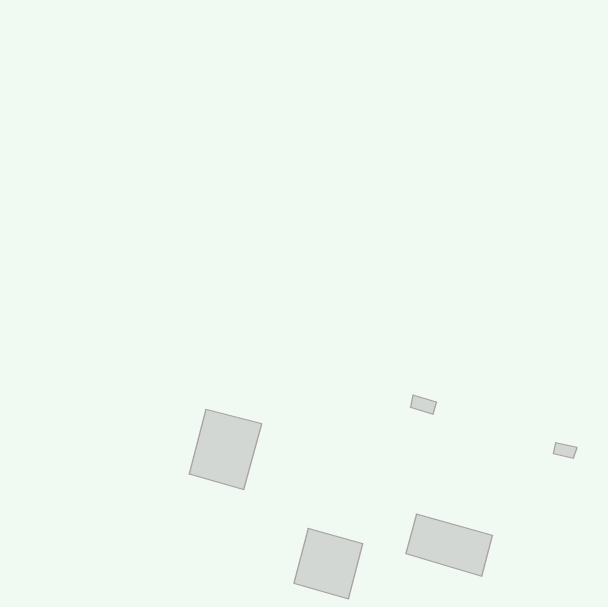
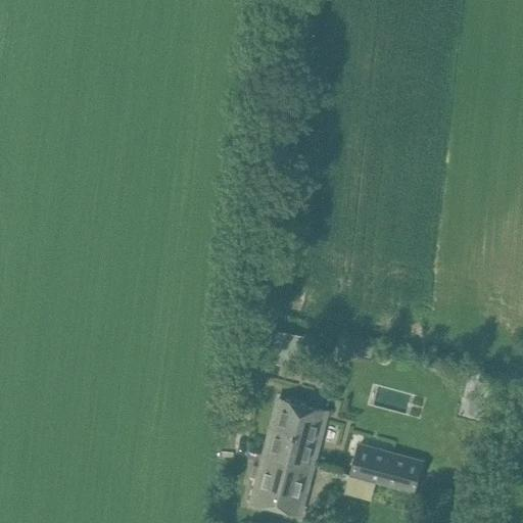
building: [189,410,262,489] -> [265,399,327,468]

